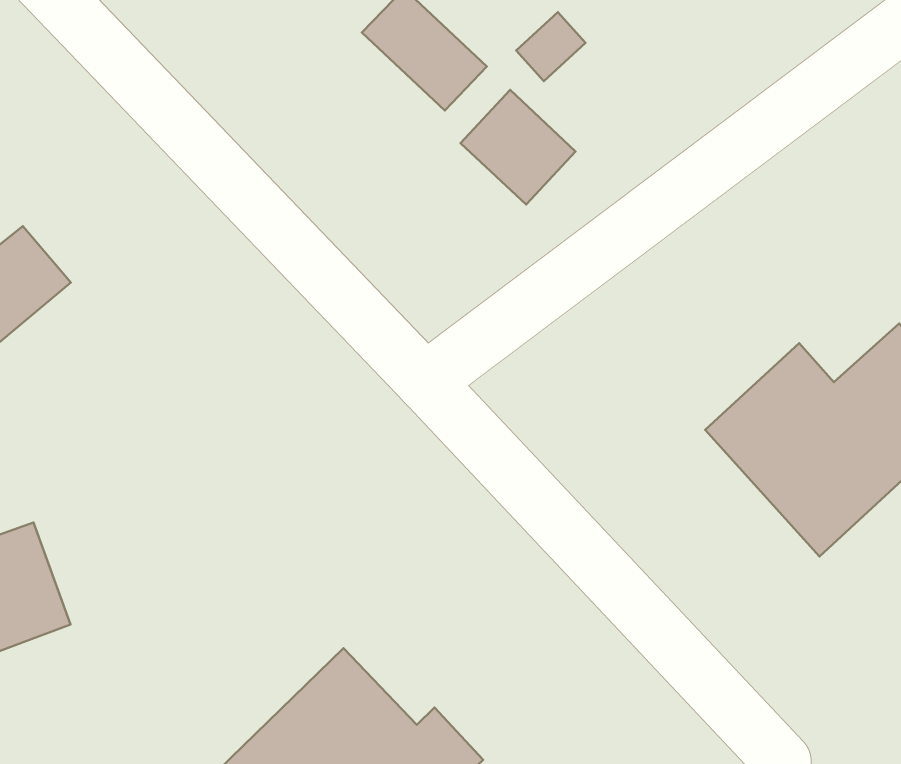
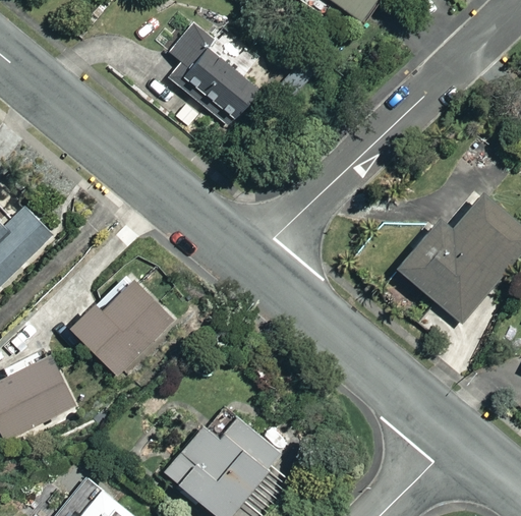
building: [461,90,575,205] -> none
building: none -> [70,269,184,381]

